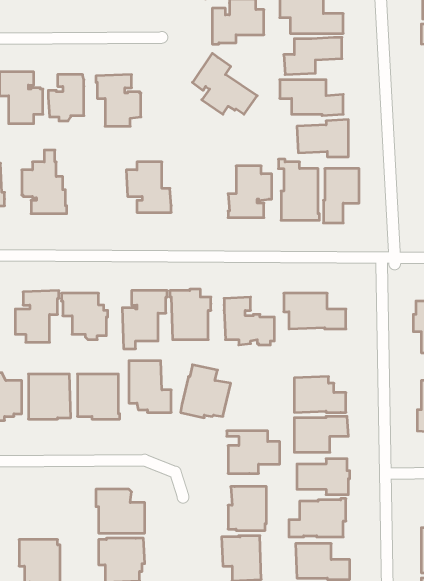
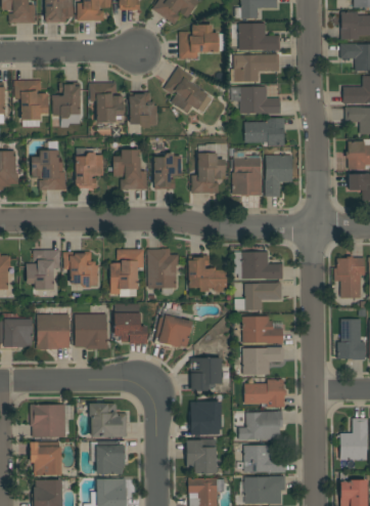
building: none -> [129,92,157,128]
building: none -> [75,153,103,188]
building: none -> [153,154,182,189]
building: none -> [234,283,281,310]
building: none -> [30,405,65,437]

